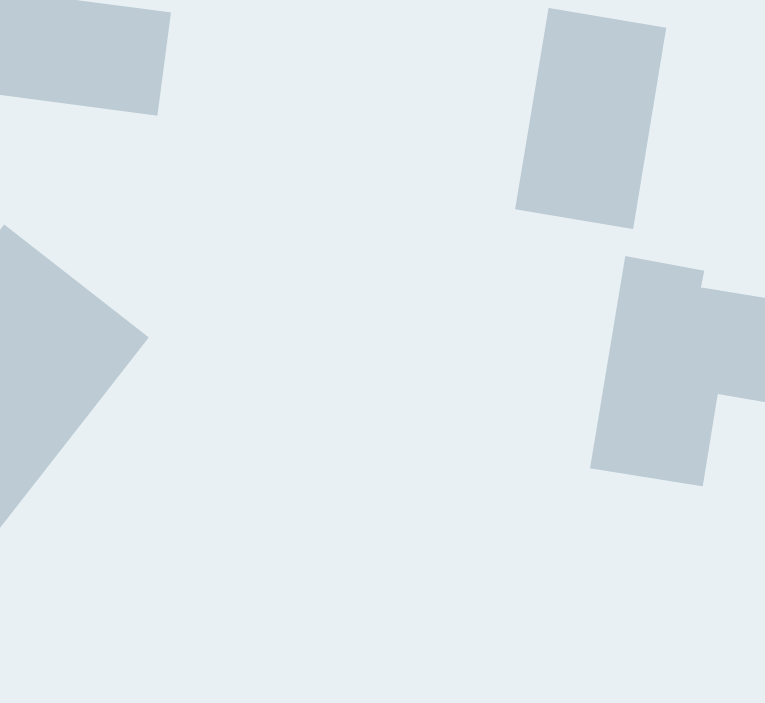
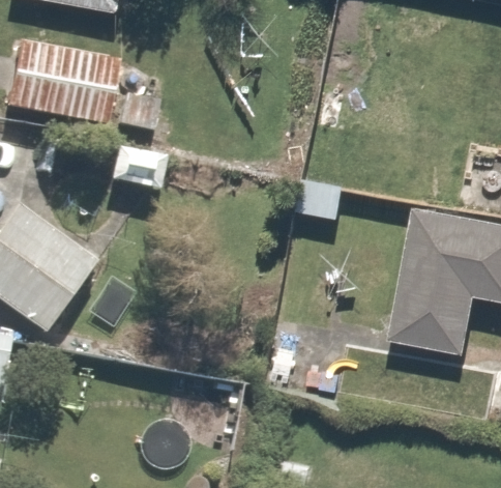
building: [515,7,667,230] -> none

